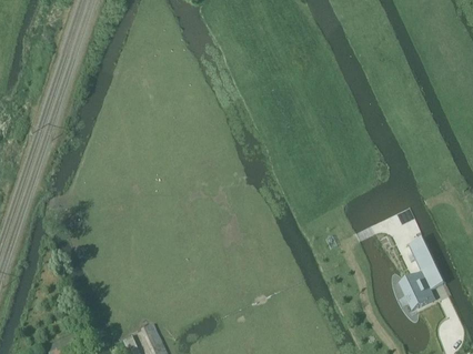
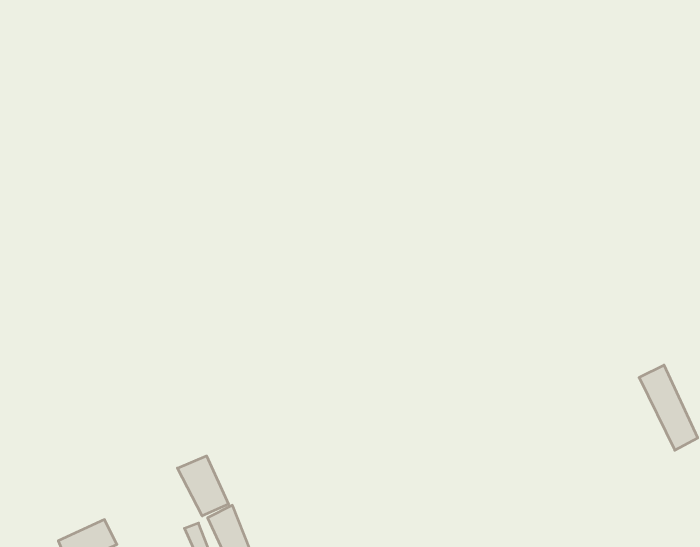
building: [396,271,432,309] -> none
building: none -> [177,456,229,516]

